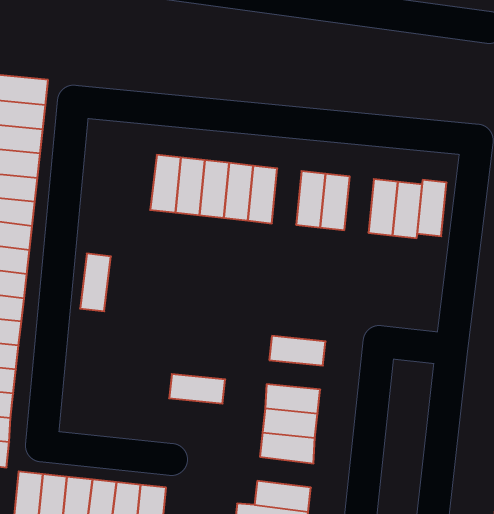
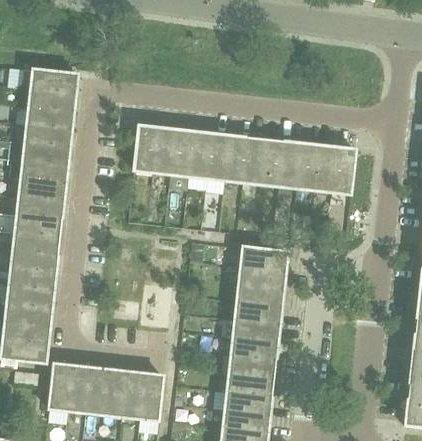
building: none -> [243,140,265,182]
building: [417,180,447,236] -> [297,146,319,188]
building: [80,254,111,311] -> [134,128,157,171]
building: none -> [243,247,285,269]
building: [169,374,225,404] -> [239,283,281,305]
building: none -> [232,355,274,378]

